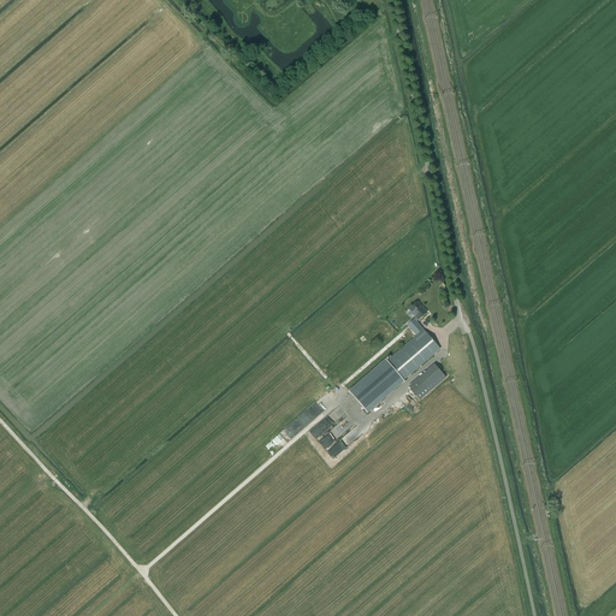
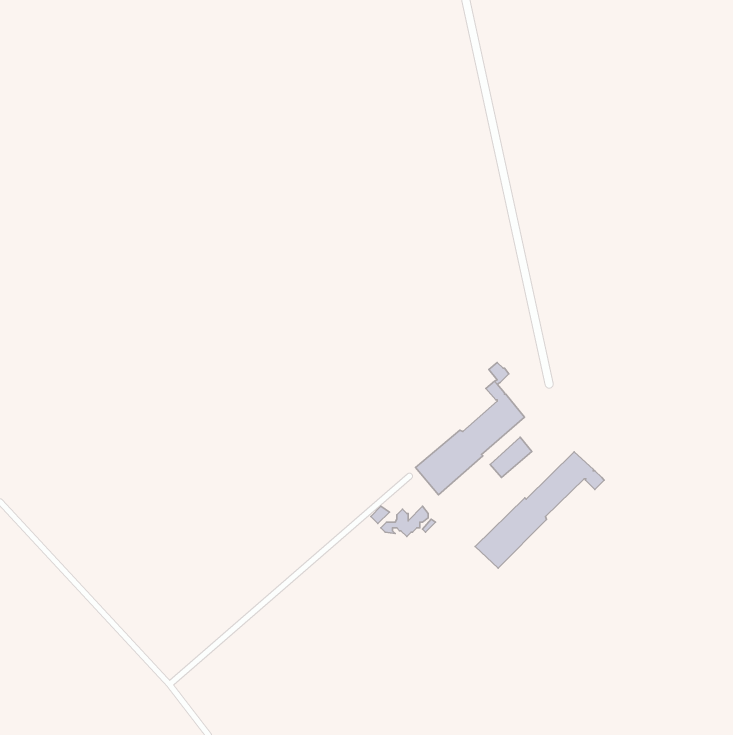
building: none -> [475,452,604,568]

